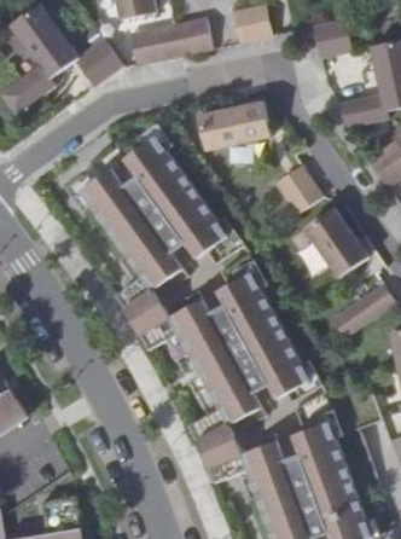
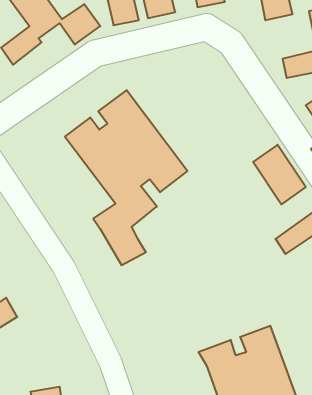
building: [199,102,272,150] -> none
building: [275,164,324,214] -> none
building: [168,273,309,485] -> none

